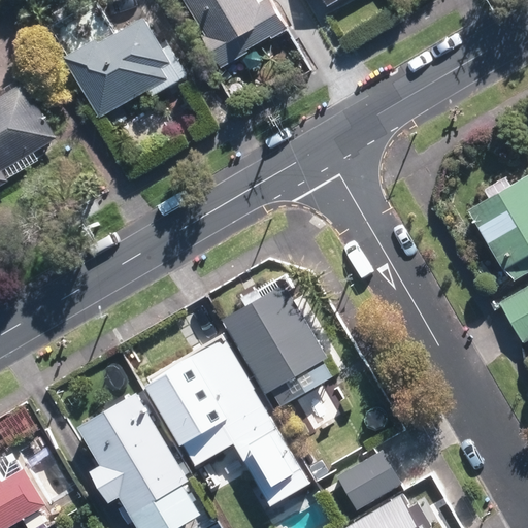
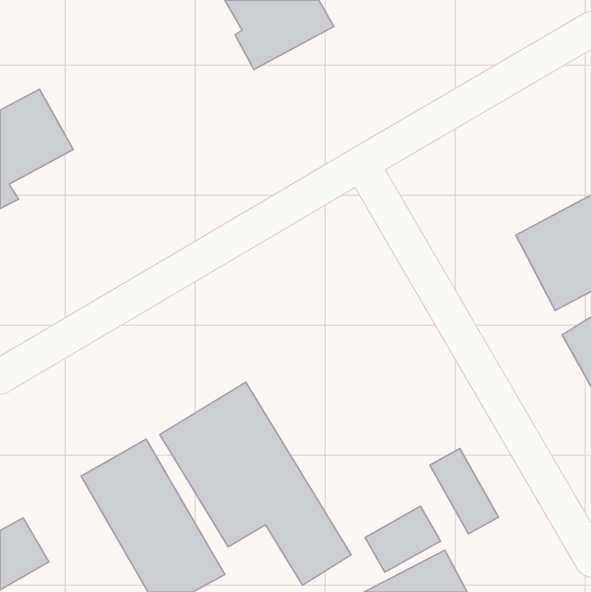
building: [76,13,179,111] -> none
building: [220,277,335,405] -> none
building: none -> [430,449,498,534]

